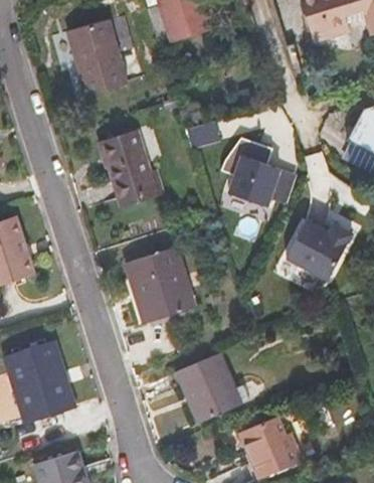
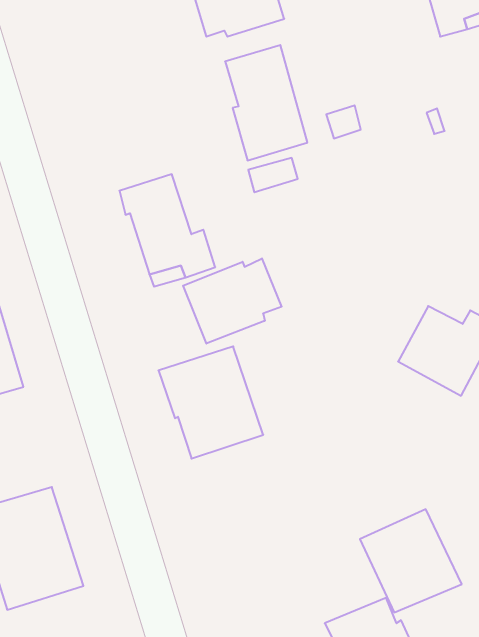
building: [72,19,128,97] -> [225,45,307,160]
building: [230,155,283,206] -> none
building: none -> [183,258,282,344]
building: [175,353,243,423] -> [360,509,462,612]

